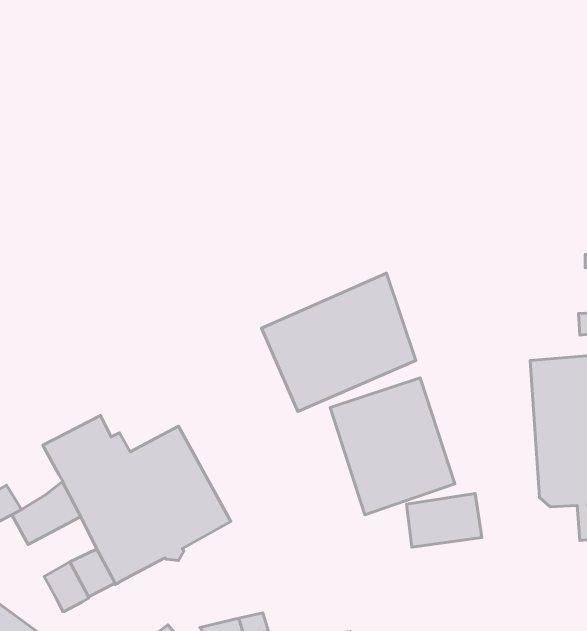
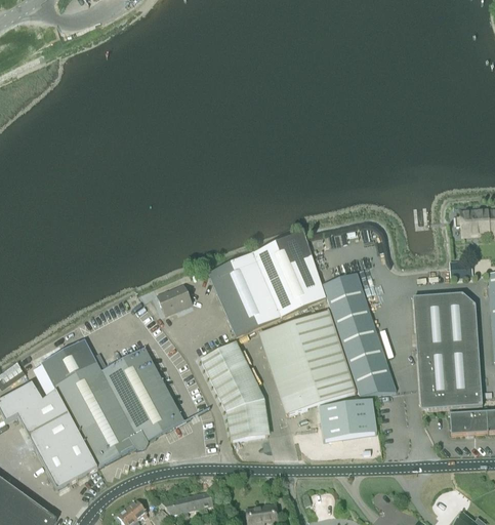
building: none -> [323,272,396,394]
building: none -> [157,285,192,314]
building: none -> [202,342,272,442]
building: none -> [13,381,43,410]
building: none -> [30,415,82,461]

